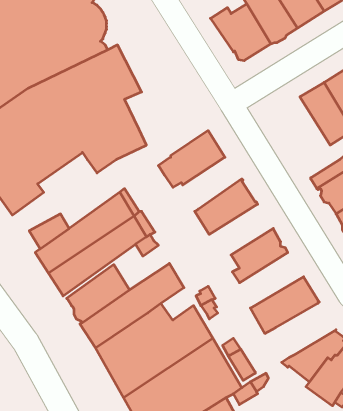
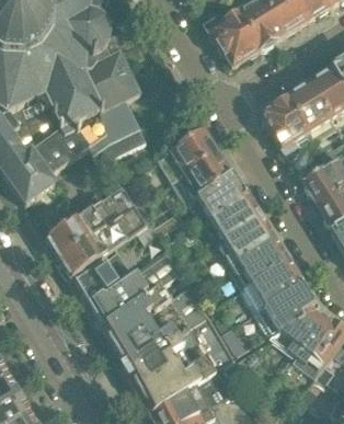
building: none -> [260,95,312,159]
building: none -> [170,150,232,203]
building: none -> [203,193,261,239]
building: none -> [226,237,288,287]
building: none -> [263,283,318,330]

